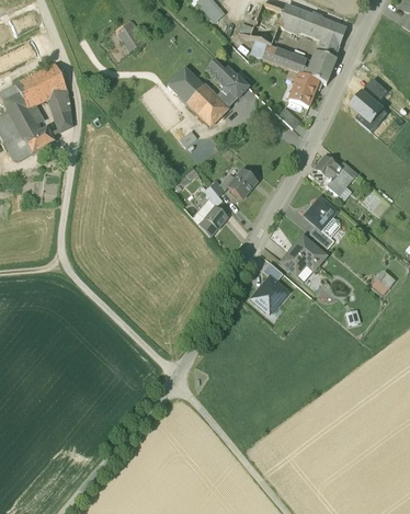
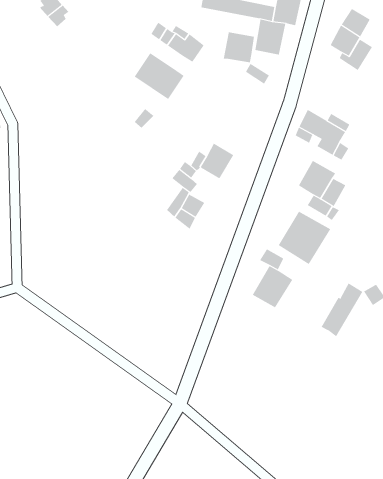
building: [167,67,202,102] -> none
building: none -> [223,31,255,63]
building: none -> [321,283,363,337]

